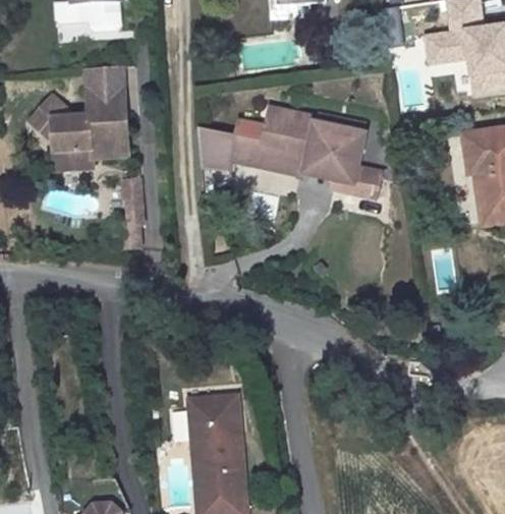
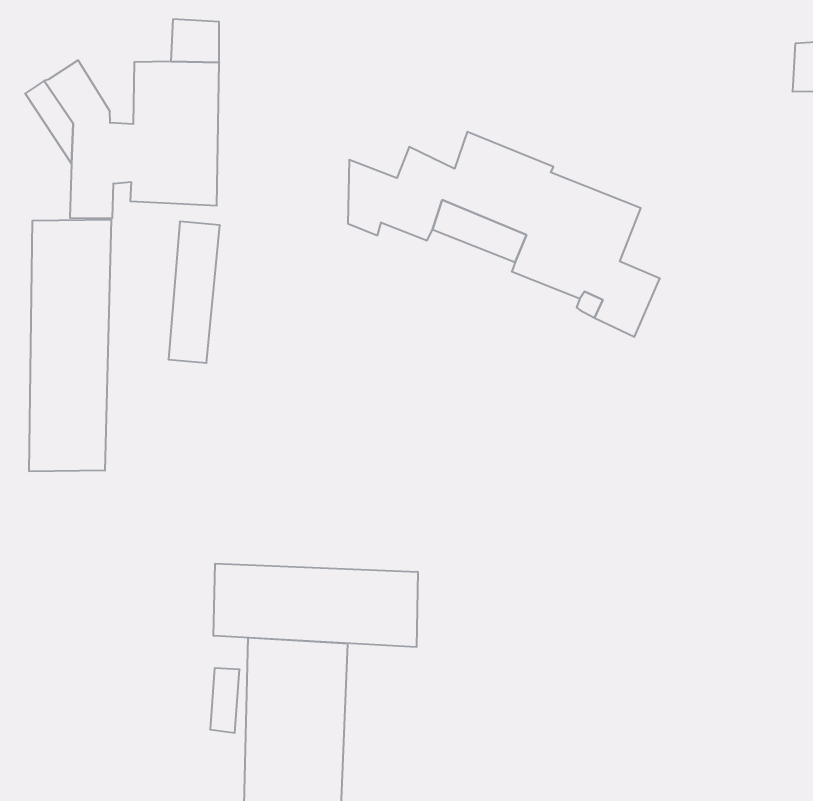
building: none -> [29,219,111,471]
building: none -> [214,564,418,647]

